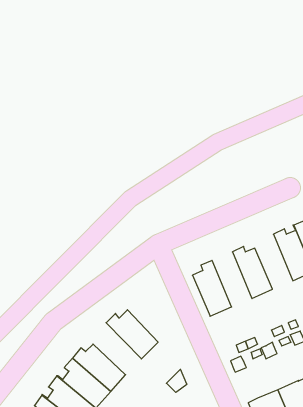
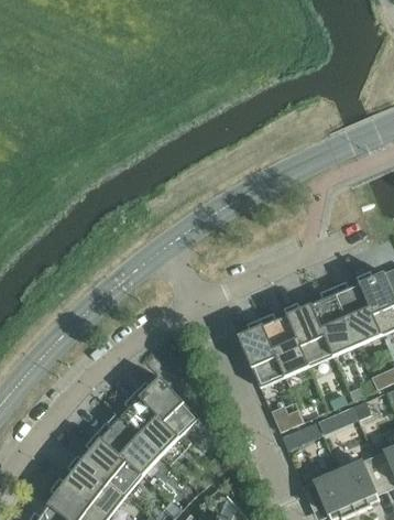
building: none -> [311,289,357,354]
building: none -> [261,310,308,375]
building: none -> [120,393,177,455]

